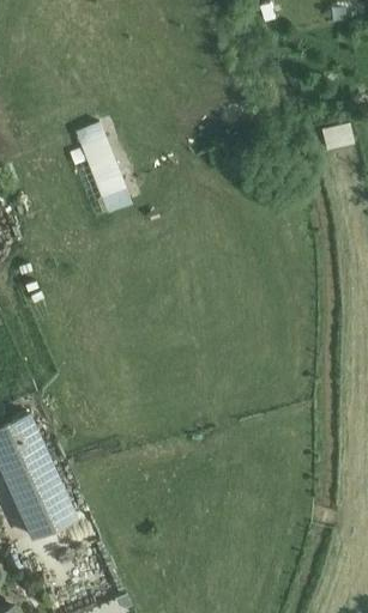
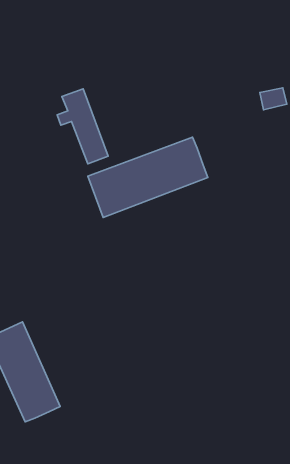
building: none -> [88,137,208,218]

